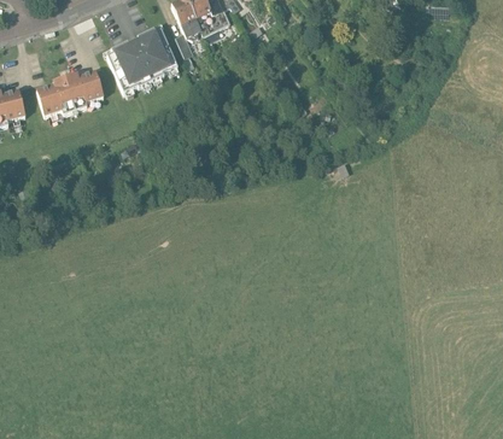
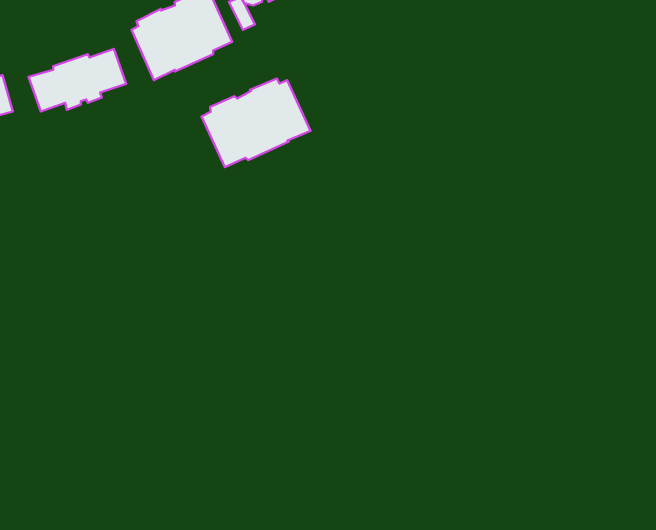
building: none -> [202,79,311,167]

